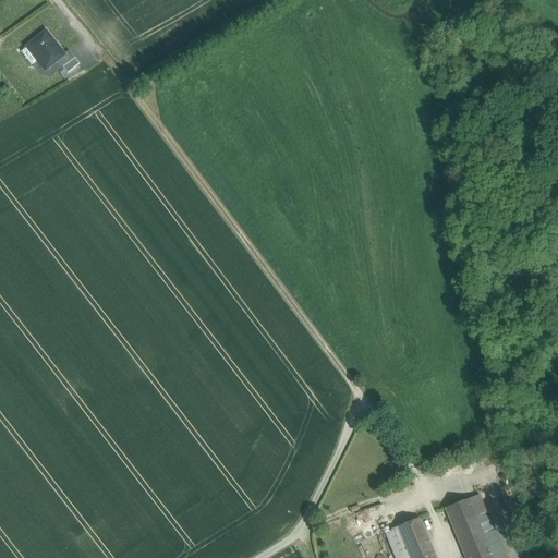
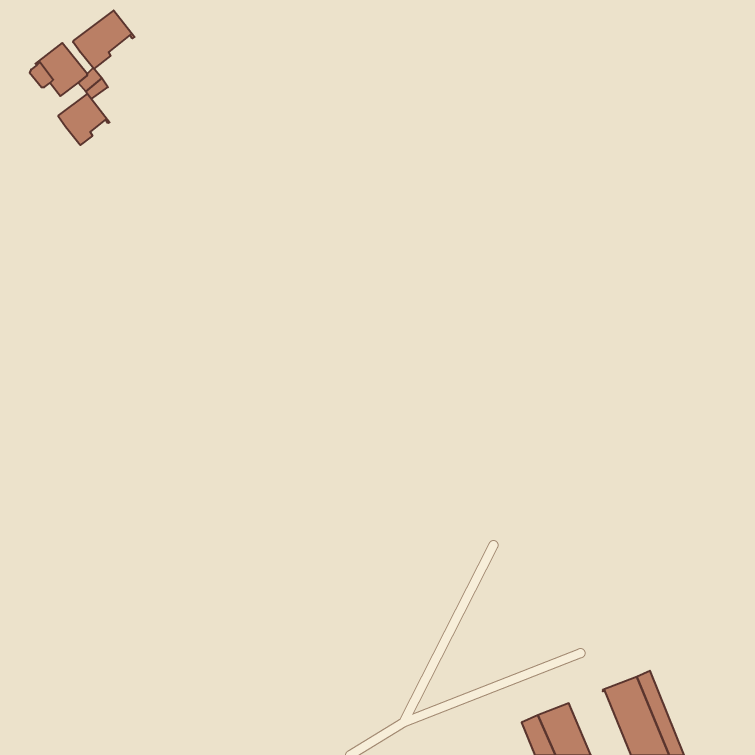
building: none -> [73,10,135,69]
building: none -> [58,94,110,145]

